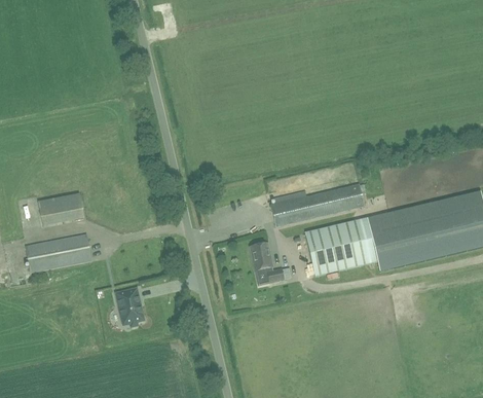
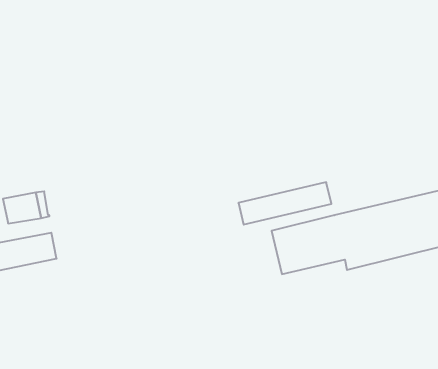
building: [250,242,285,282] -> none
building: [116,288,144,325] -> none

